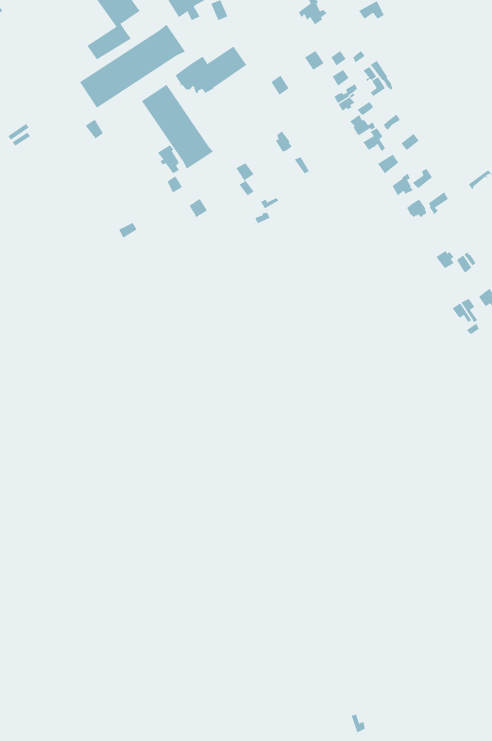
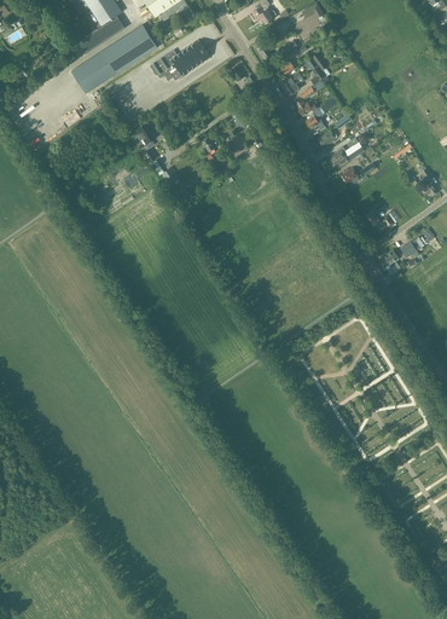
building: [141,84,214,169] -> none

